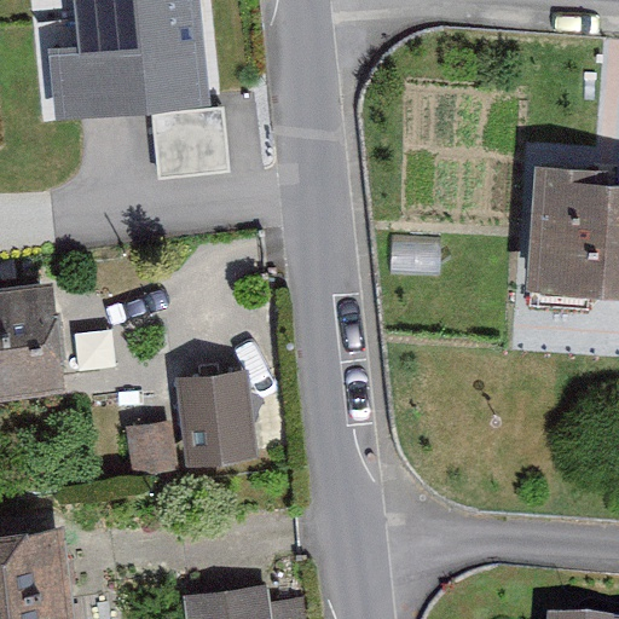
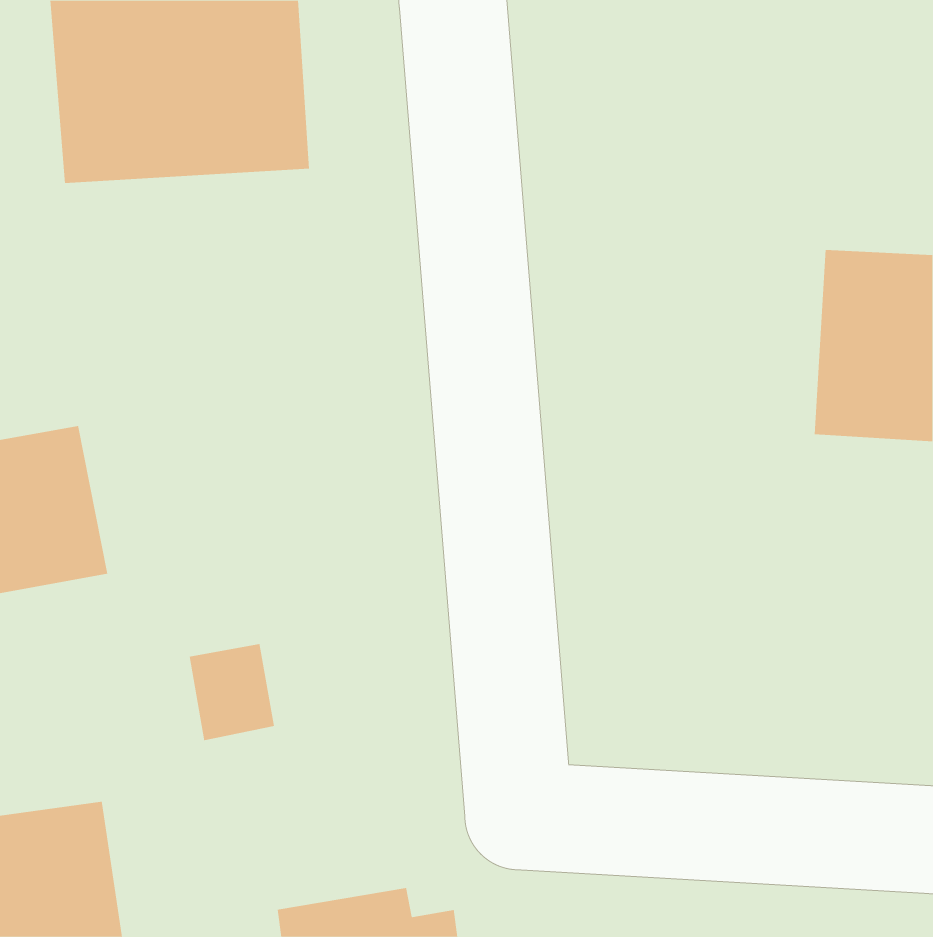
building: [179,376,254,470] -> none

